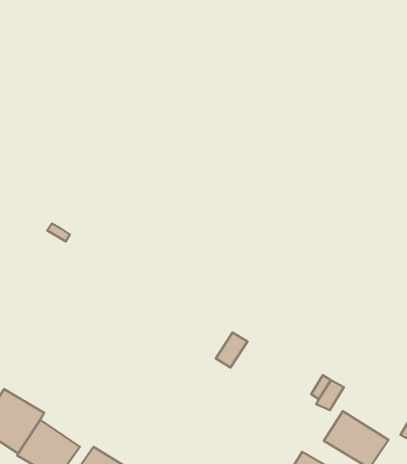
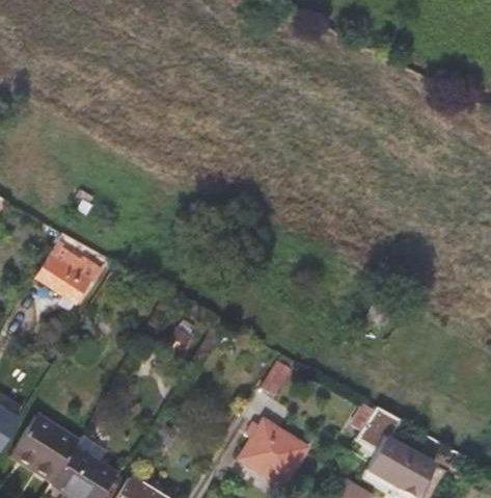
building: none -> [44,247,97,295]
building: none -> [238,423,305,488]

